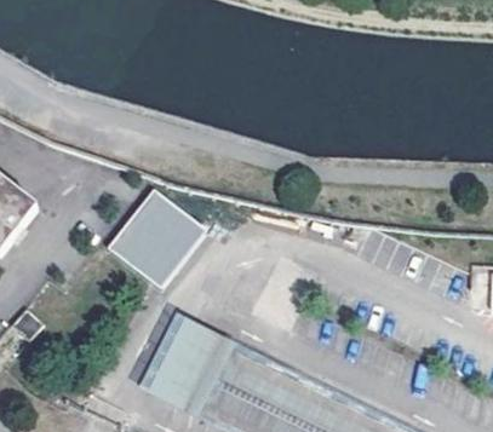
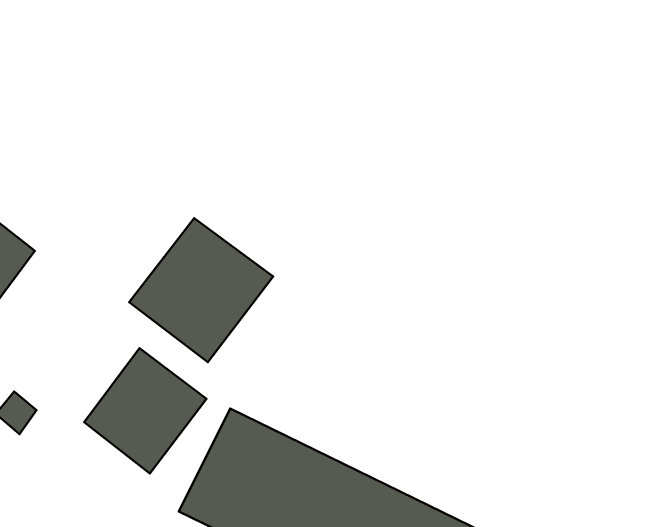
building: none -> [84,348,206,473]

